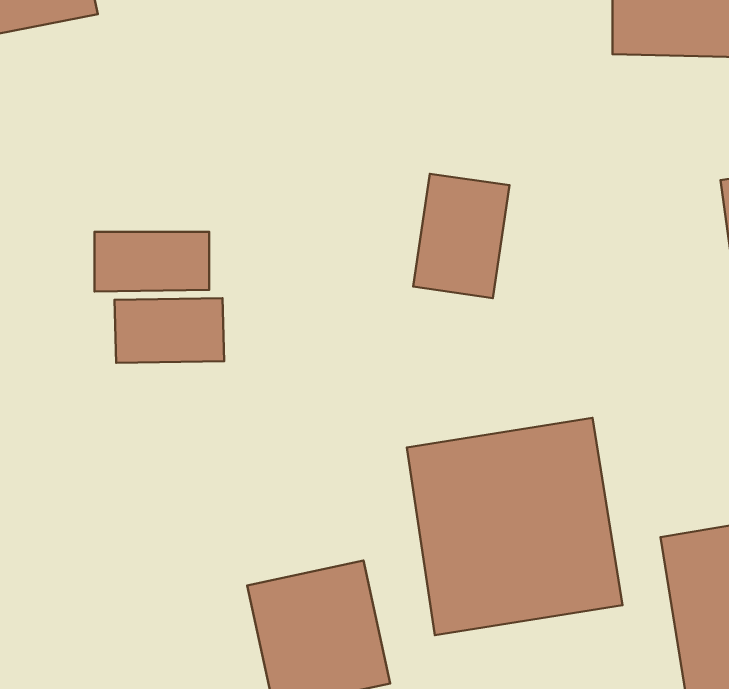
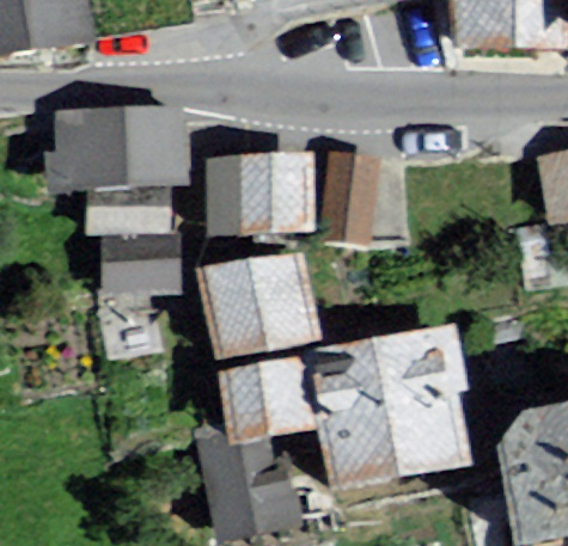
building: none -> [48,119,130,190]
building: none -> [245,157,307,227]
building: none -> [197,251,312,358]
building: none -> [218,356,306,436]

